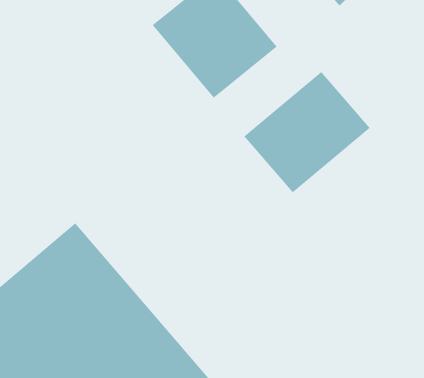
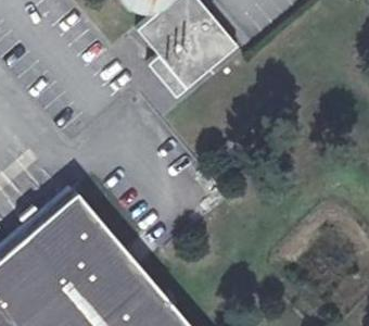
building: [243,71,370,193] -> none

